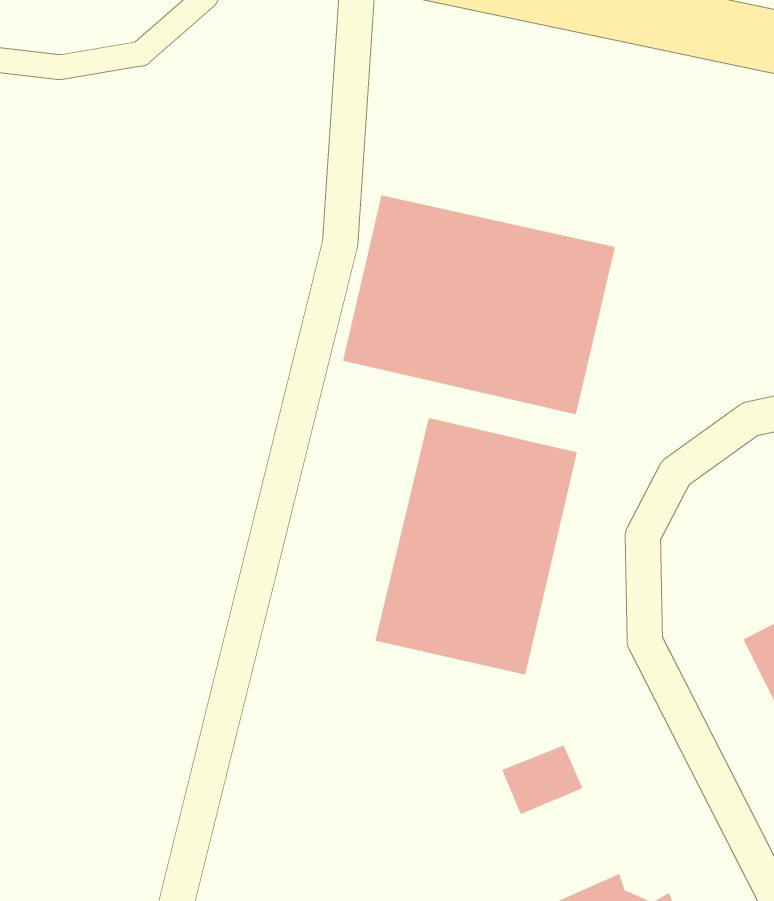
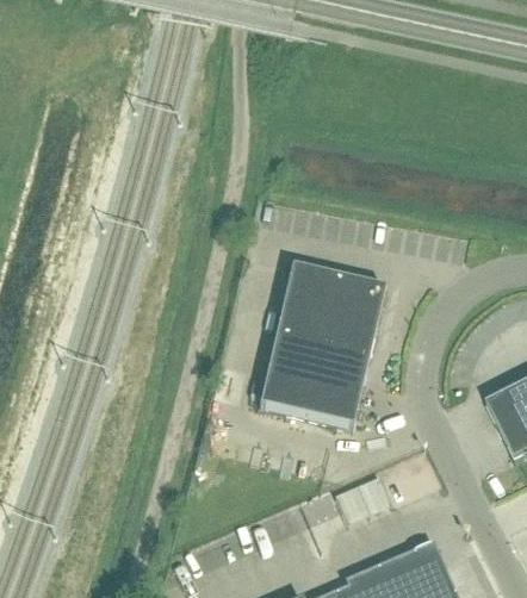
building: [342,194,616,415] -> none

